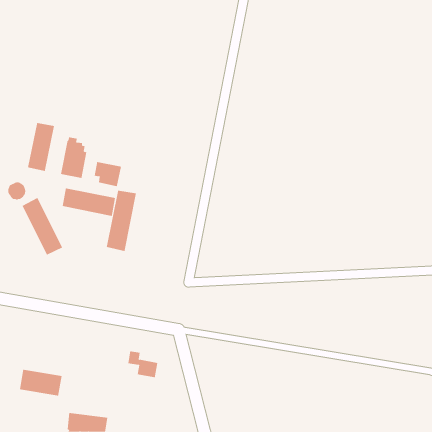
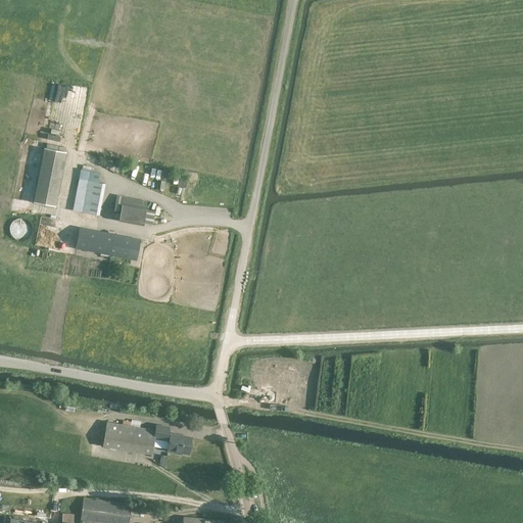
building: [106,190,137,252] -> none
building: [22,197,63,255] -> none
building: [19,369,62,396] -> [103,422,155,455]

